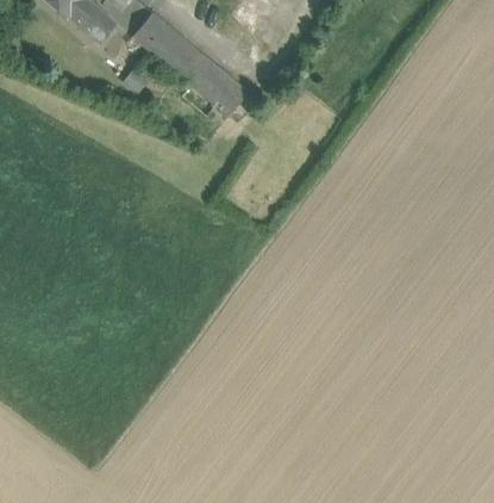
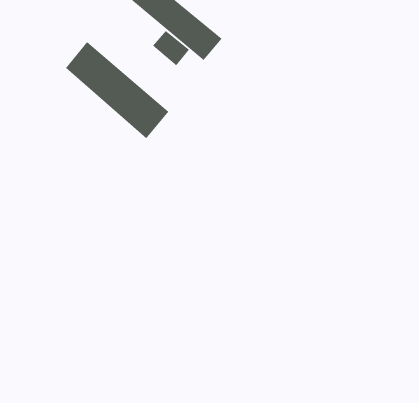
building: none -> [65,41,169,139]

